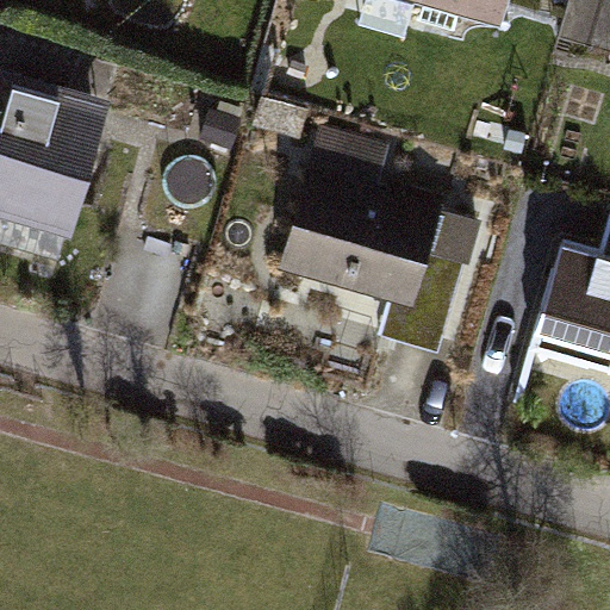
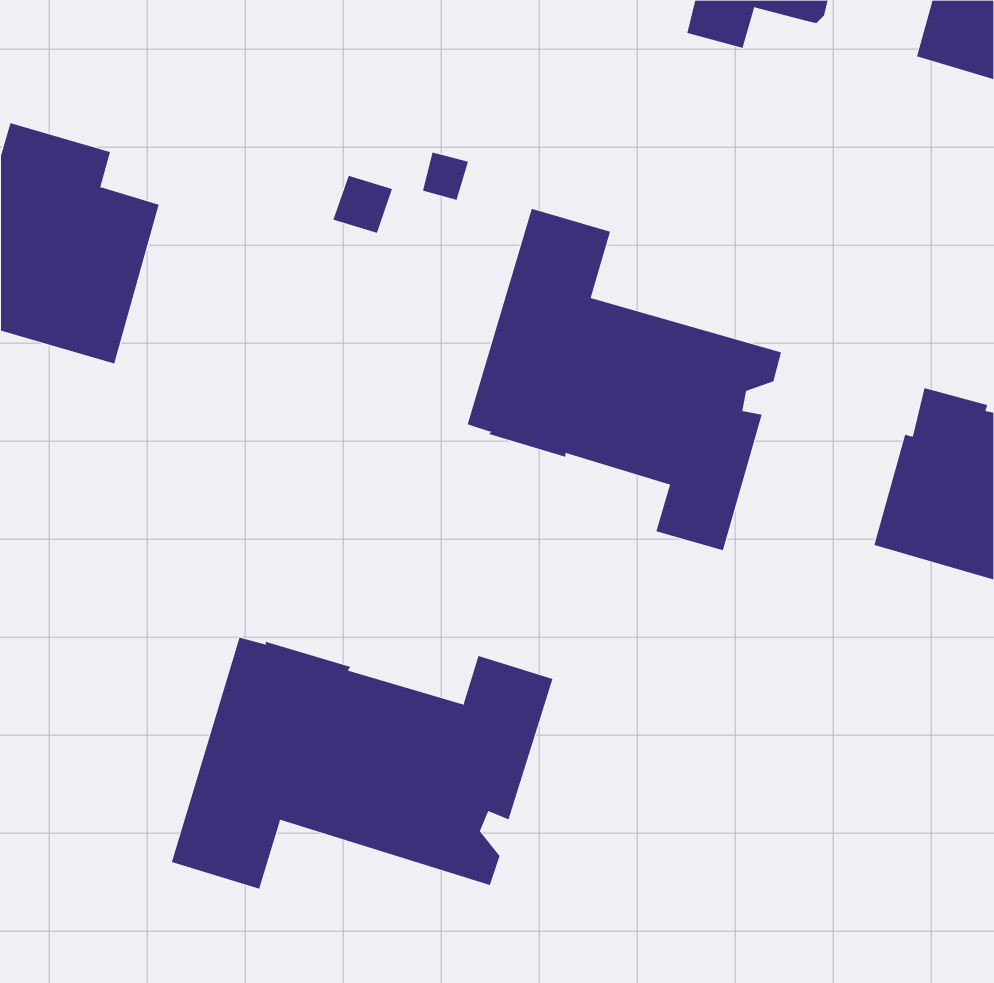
building: none -> [171,637,553,889]

